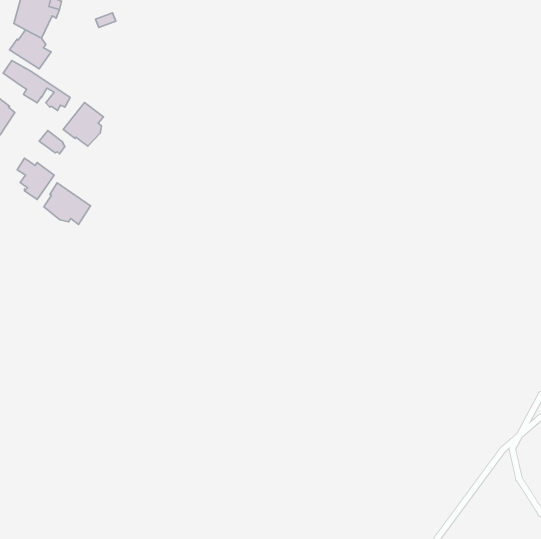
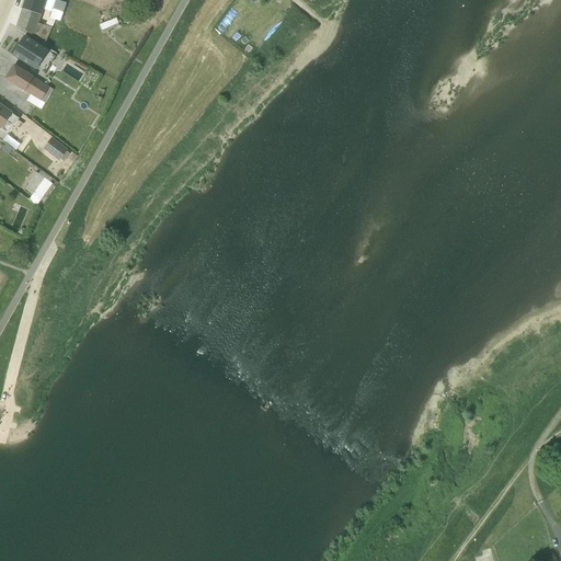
building: [63,103,104,146] -> none
building: [44,183,91,224] -> none

